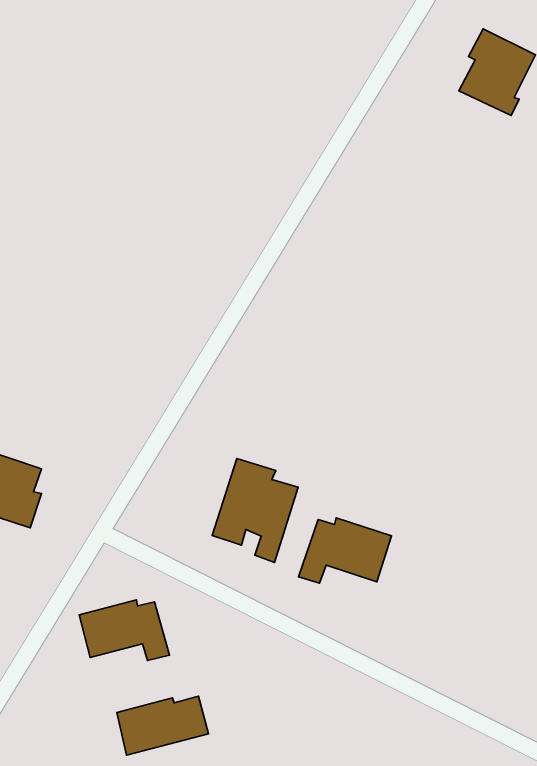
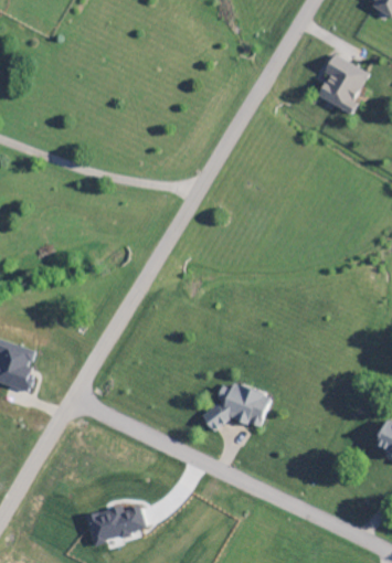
building: [212,458,298,563] -> none
building: [79,600,170,661] -> none

